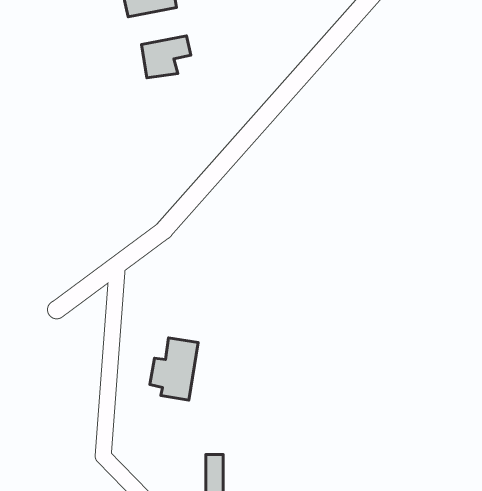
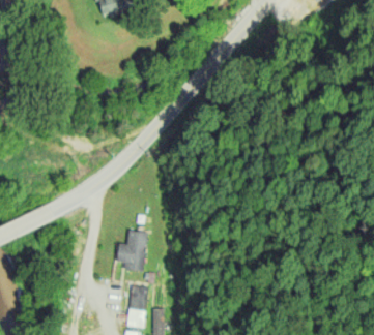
building: [142,36,191,78] -> none
building: none -> [128,286,147,328]

